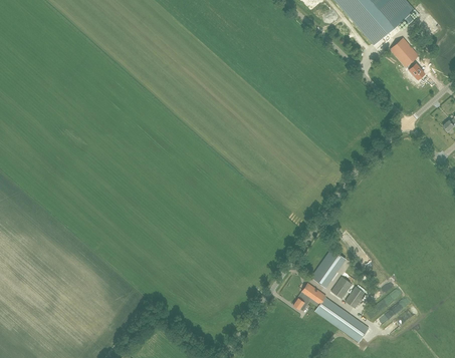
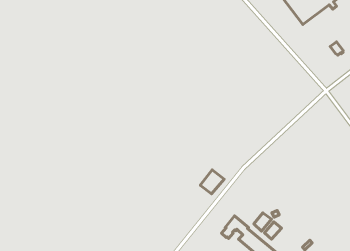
building: [391,38,418,66] -> none
building: [311,258,339,287] -> [200,170,224,194]

